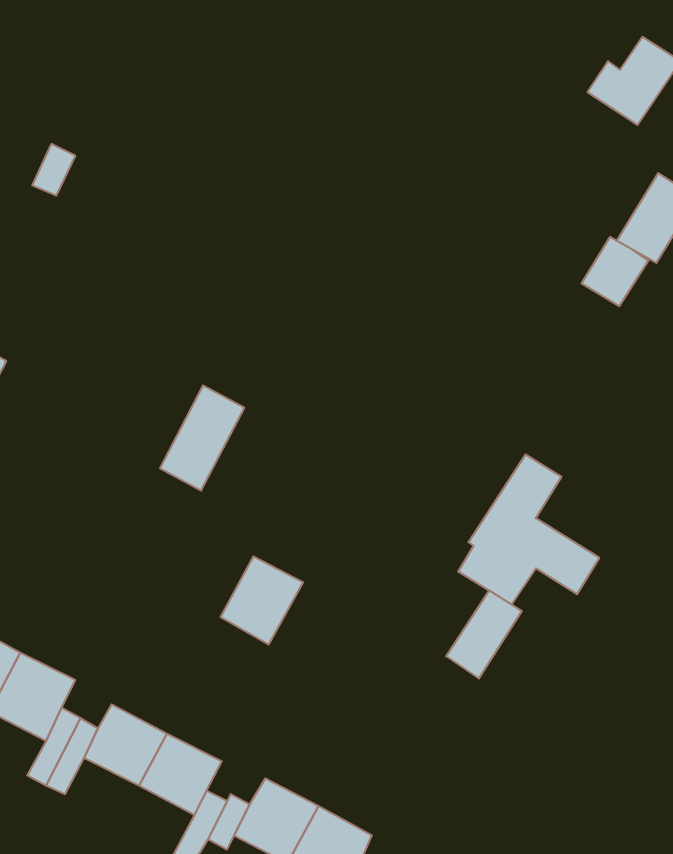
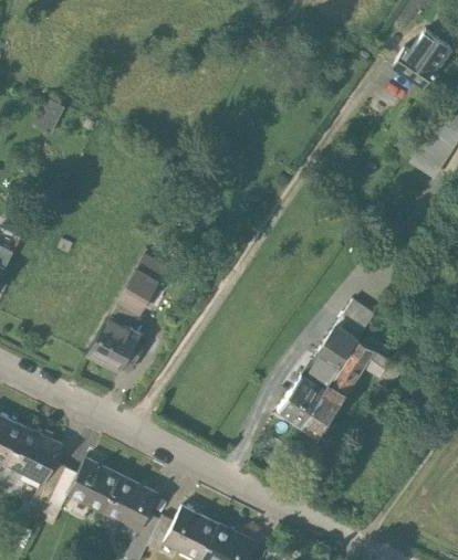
building: [582,237,648,306] -> none
building: [220,556,303,644] -> [89,321,142,378]
building: none -> [275,371,327,429]

